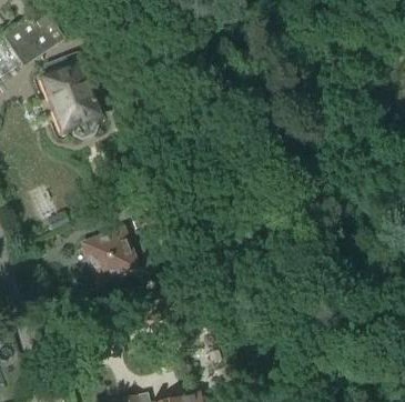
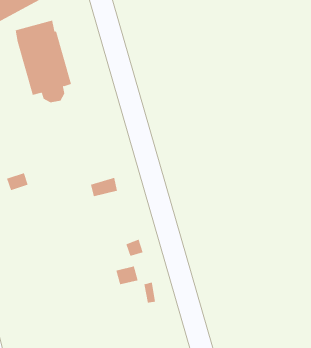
building: [83,229,139,285] -> none

